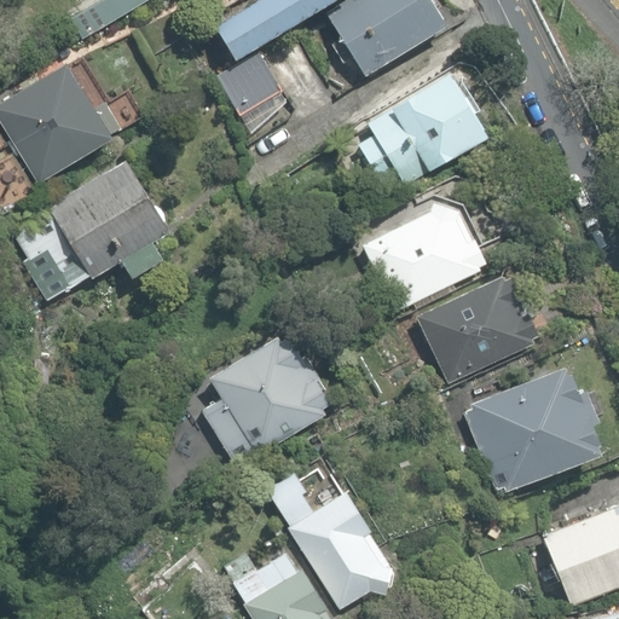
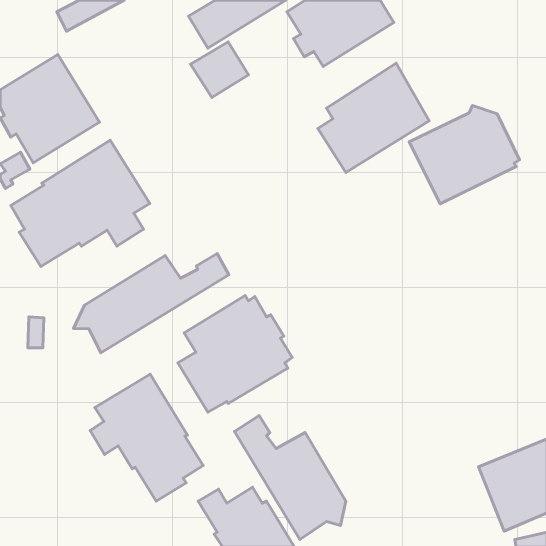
building: [361,203,486,314] -> [409,105,519,204]
building: [416,276,538,389] -> none
building: none -> [73,253,229,353]
building: [464,365,601,492] -> none
building: none -> [90,374,203,501]

